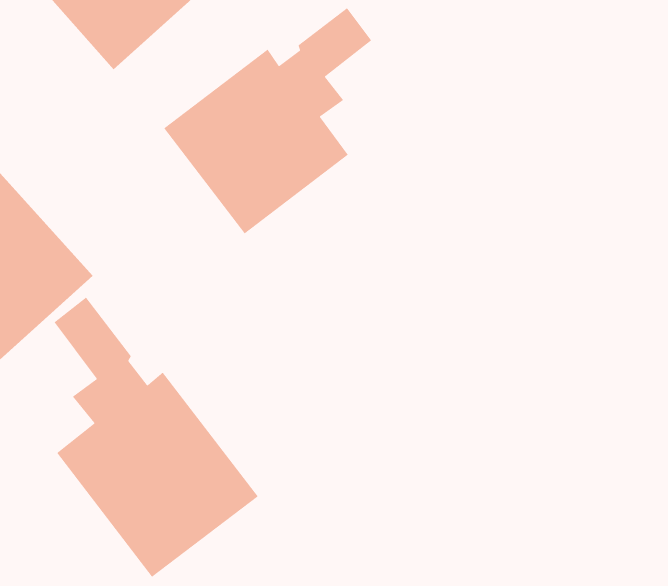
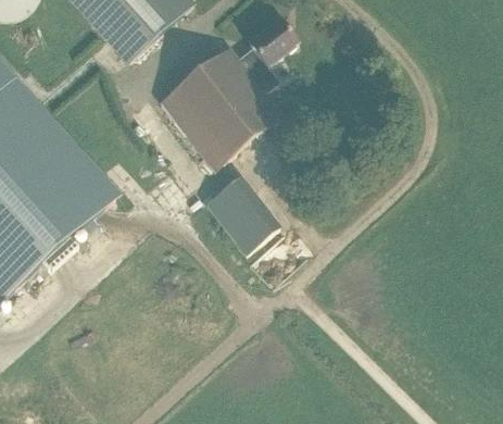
building: none -> [205,174,278,252]
building: [53,297,259,578] -> none

